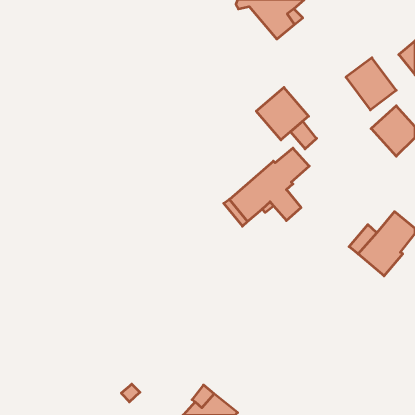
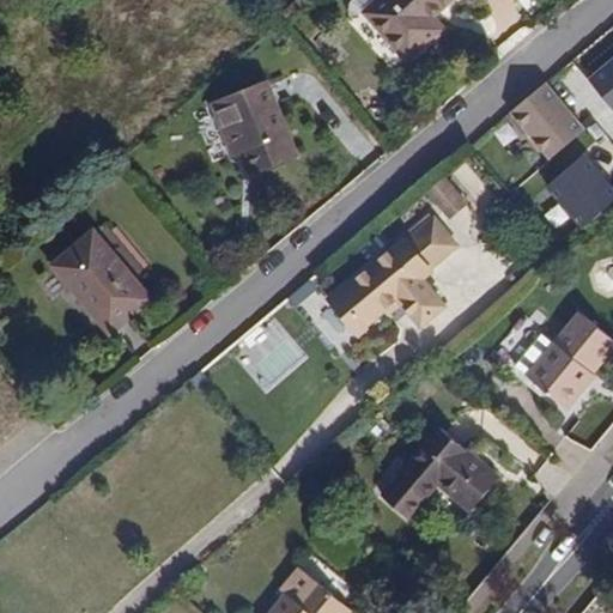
building: none -> [214,83,295,170]
building: [256,87,309,140] -> none
building: none -> [53,230,151,332]
building: none -> [383,427,499,516]

